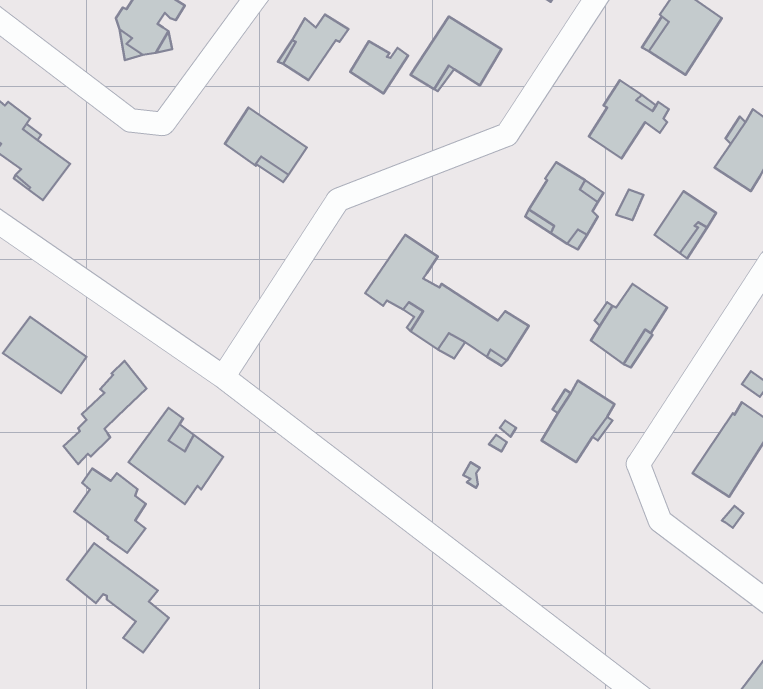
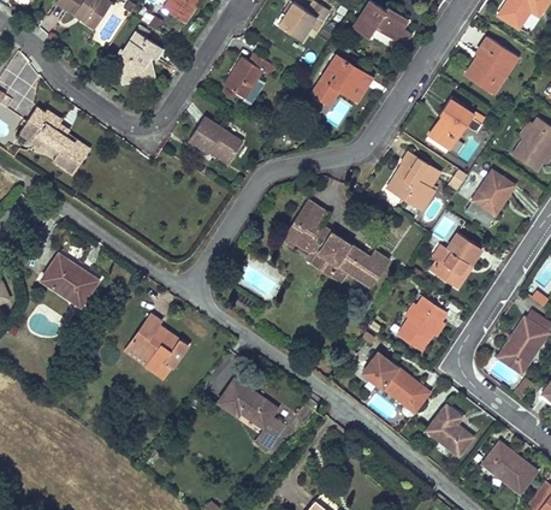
building: [350,41,408,93] -> none
building: [64,361,146,464] -> none
building: none -> [362,352,431,416]
building: [74,469,146,553] -> none
building: [67,543,169,652] -> [218,378,285,450]
building: none -> [426,404,473,456]
building: none -> [482,441,537,493]

